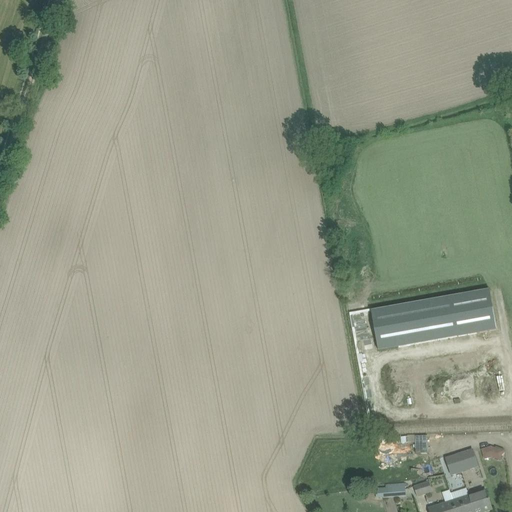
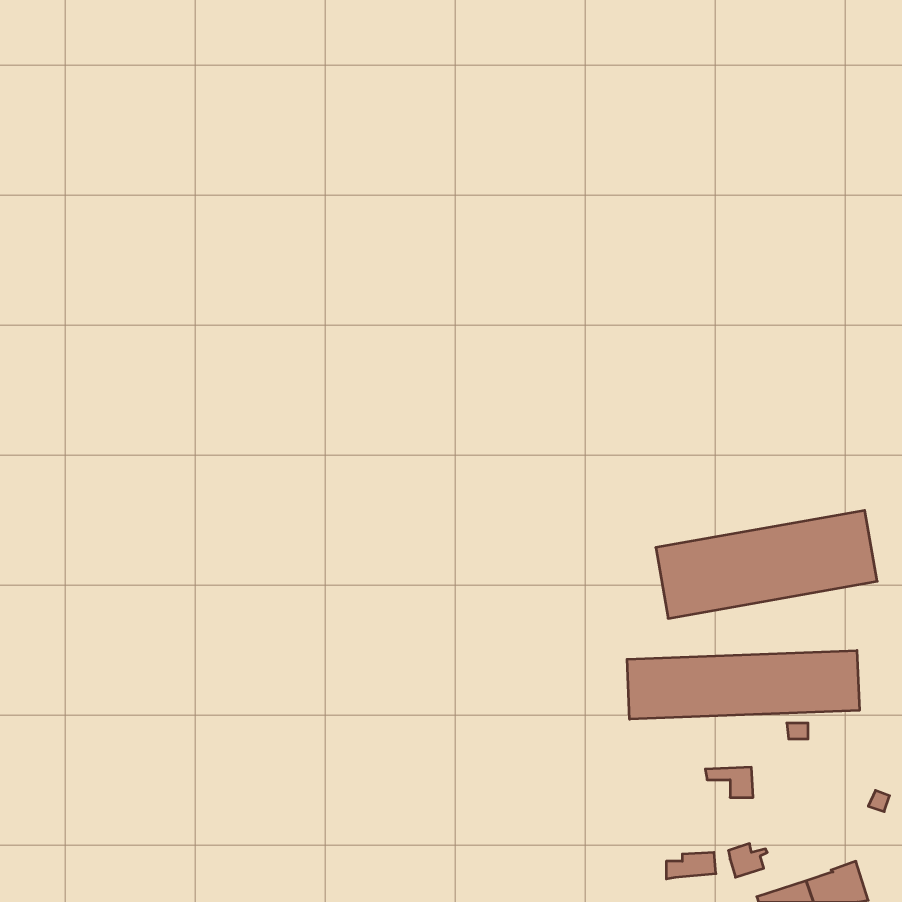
building: none -> [627,650,859,719]
building: [444,448,476,474] -> none

